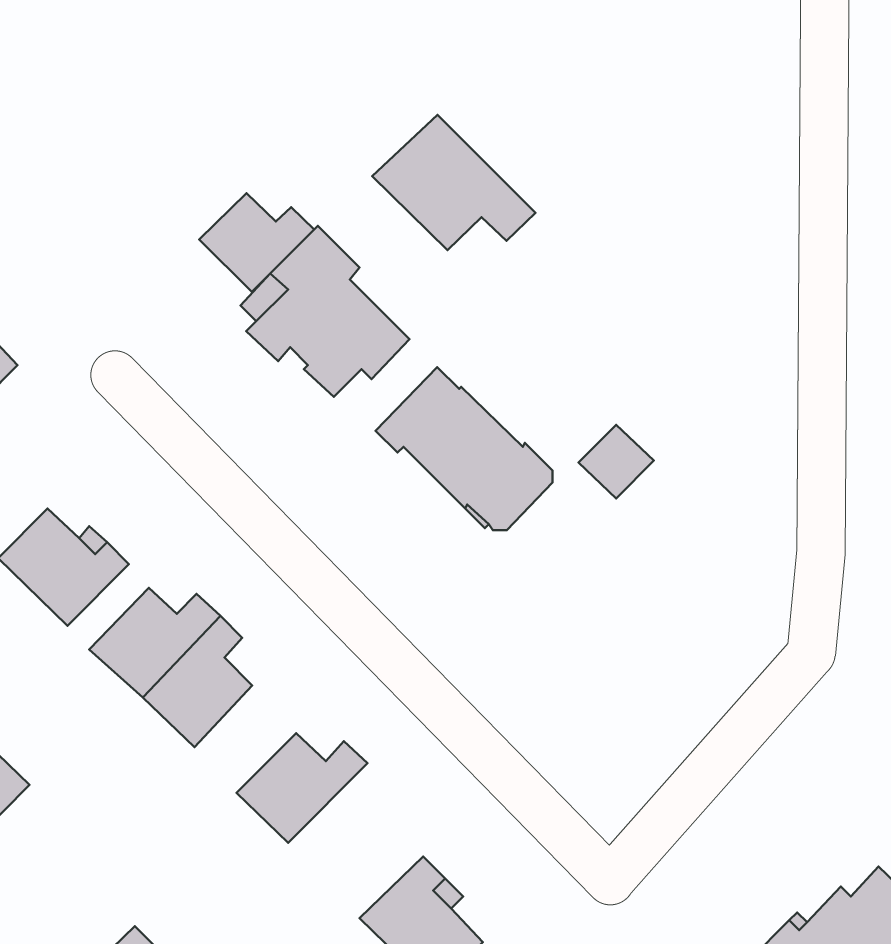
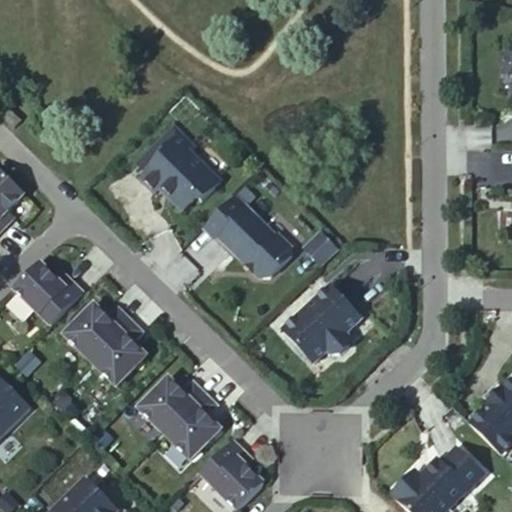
building: [372,115,536,250] -> none
building: [199,193,314,292] -> none
building: none -> [284,286,362,363]
building: none -> [161,394,216,460]

